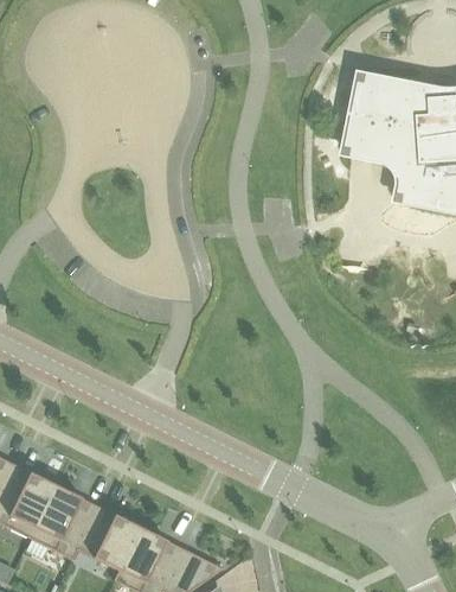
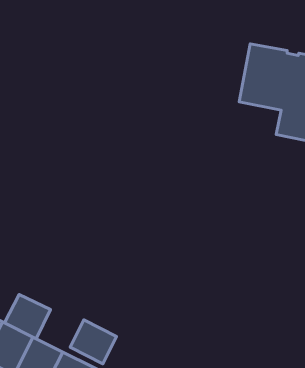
building: none -> [5,294,50,339]
building: none -> [70,320,116,364]

